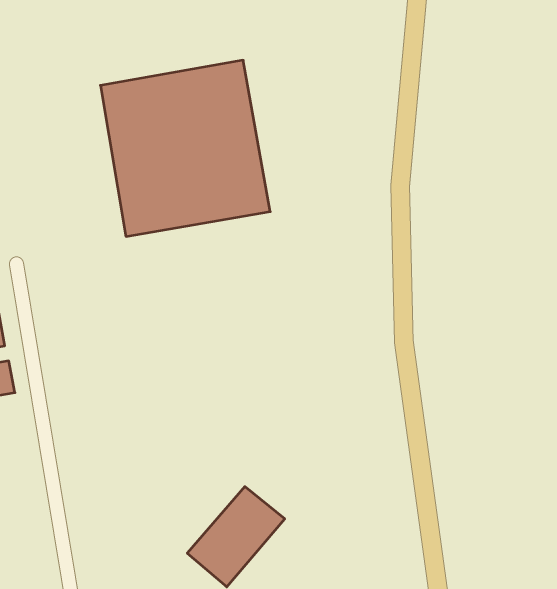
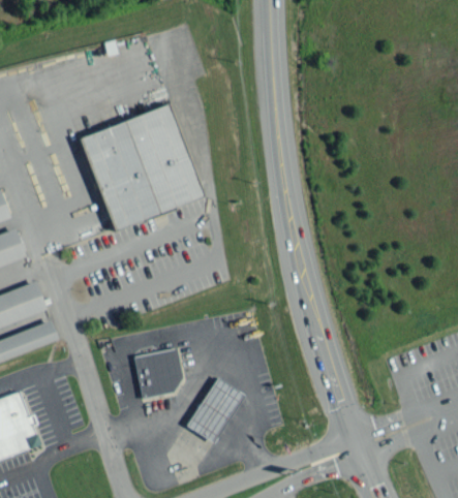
building: none -> [133,349,182,400]

